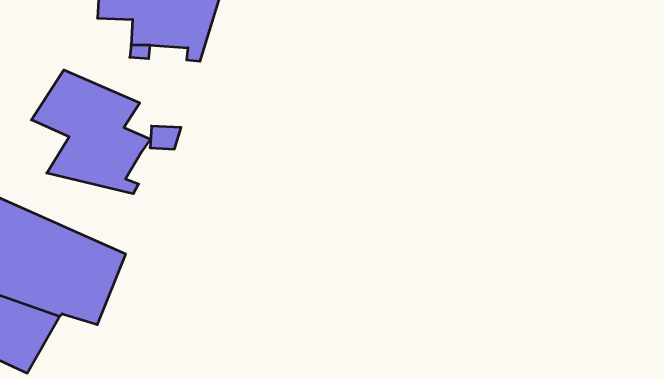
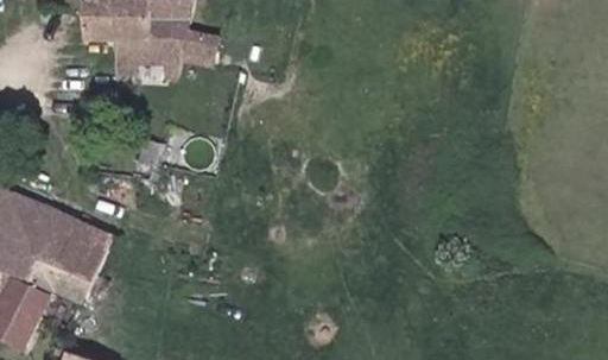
building: [31,70,151,194] -> none

